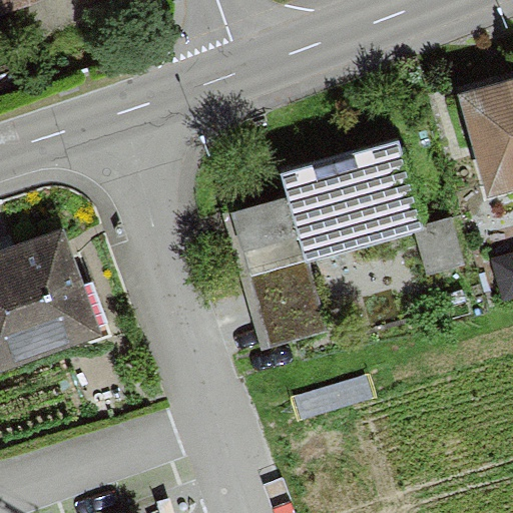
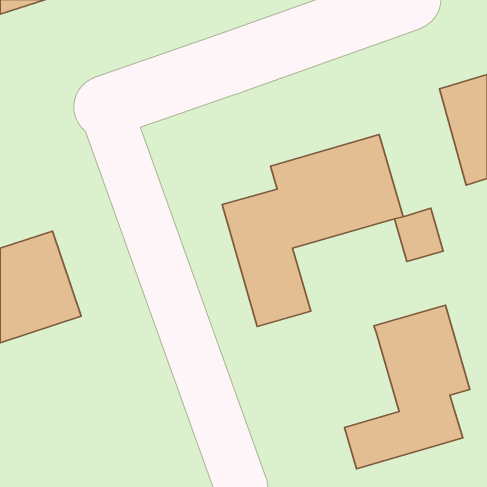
building: none -> [344,305,470,469]

